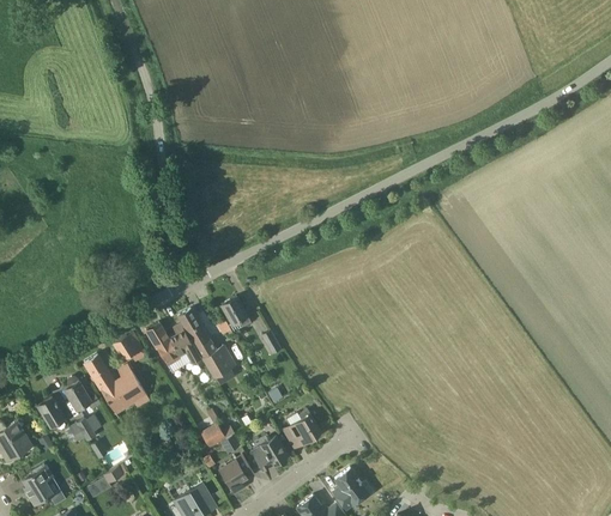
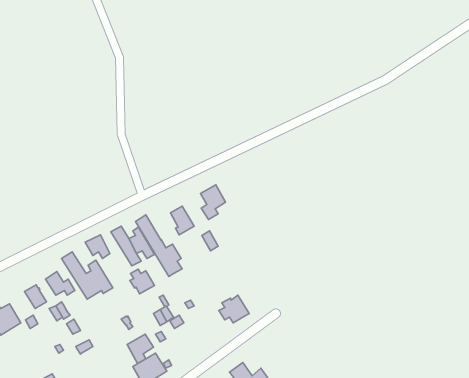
building: none -> [201,185,226,219]
building: none -> [130,269,155,294]
building: [250,436,288,469] -> none
building: [219,455,253,492] -> [127,334,154,363]
building: [23,465,54,504] -> none
building: [332,467,375,509] -> none

